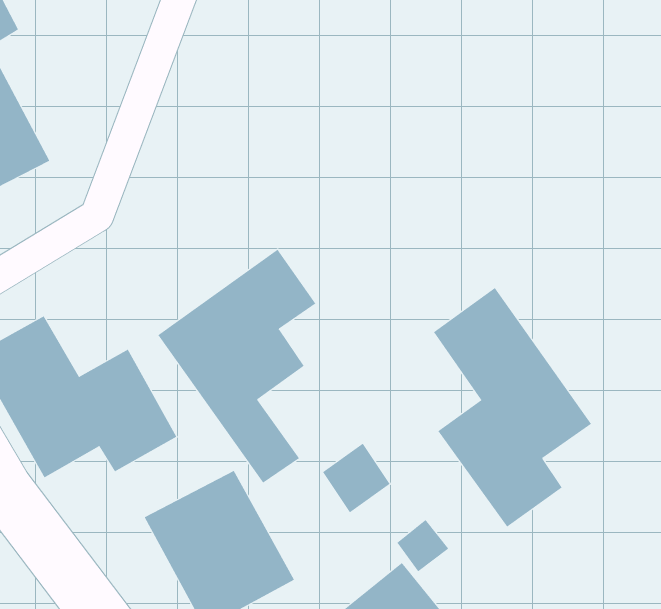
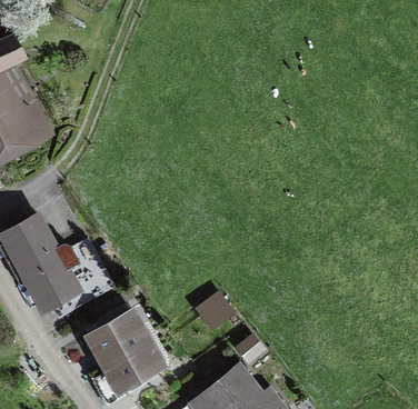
building: [157,249,316,484] -> none
building: [433,287,592,527] -> none

